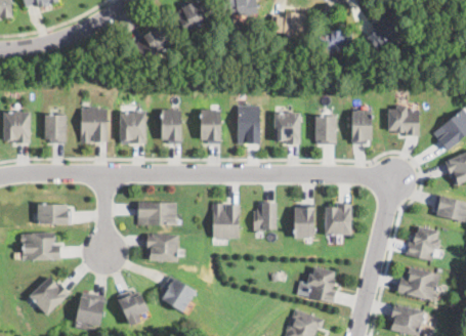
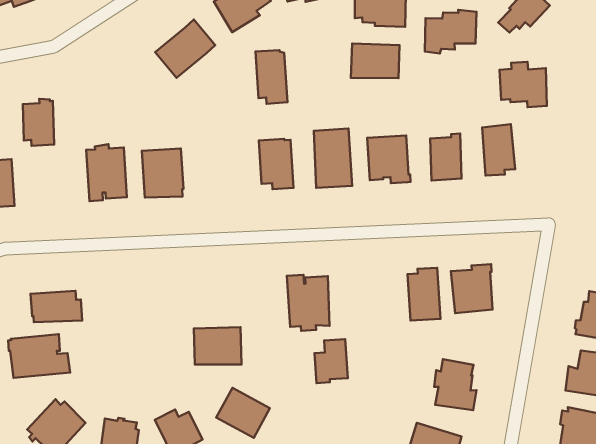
building: none -> [351,43,400,78]
building: [387,106,419,136] -> [499,62,547,107]
building: [161,109,180,144] -> [256,50,287,104]
building: [44,112,66,143] -> [23,99,54,146]
building: [136,202,176,225] -> none
building: [254,203,276,232] -> [314,339,348,383]

